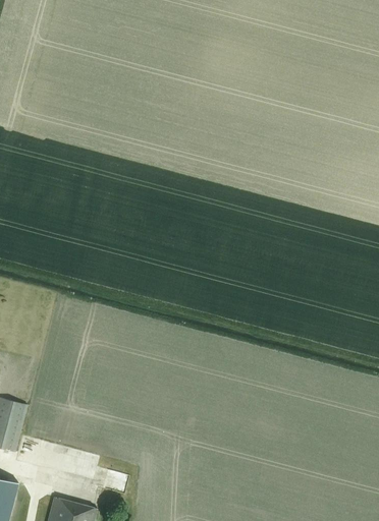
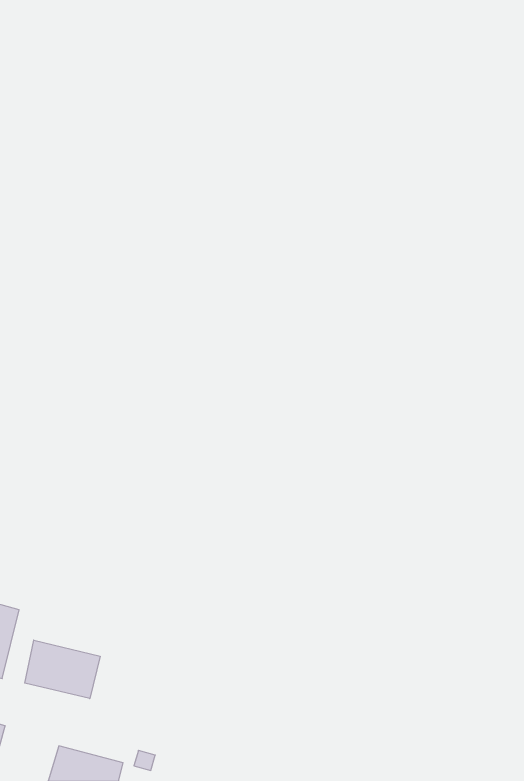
building: none -> [25,640,100,699]

